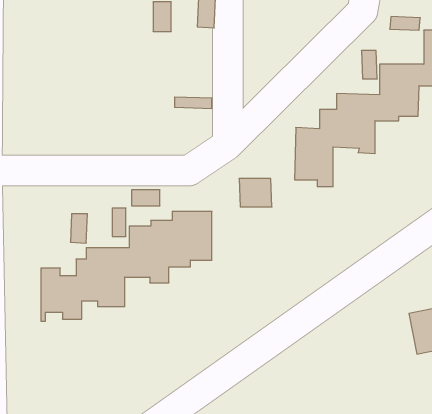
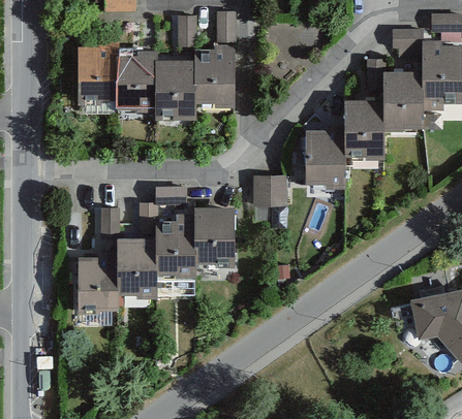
building: none -> [79,44,233,116]

